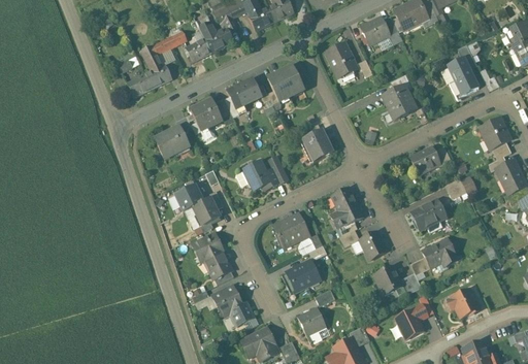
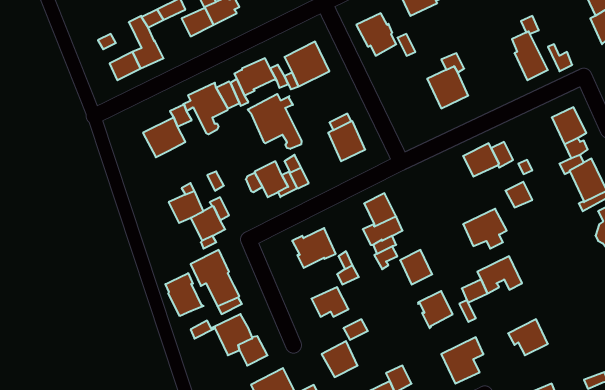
building: none -> [248,94,301,149]
building: none -> [165,273,204,316]

